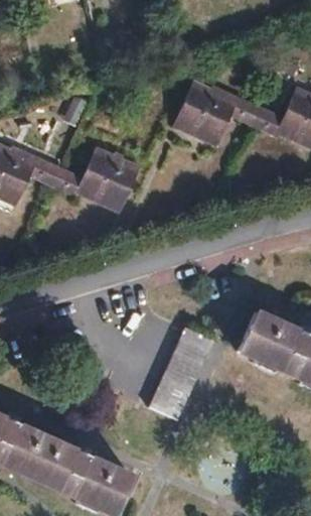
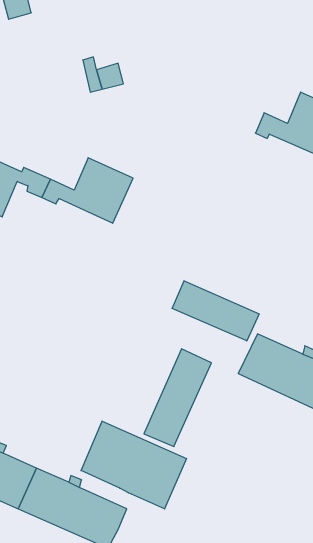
building: [176,83,262,144] -> none
building: none -> [172,281,259,341]
building: none -> [81,421,186,509]

